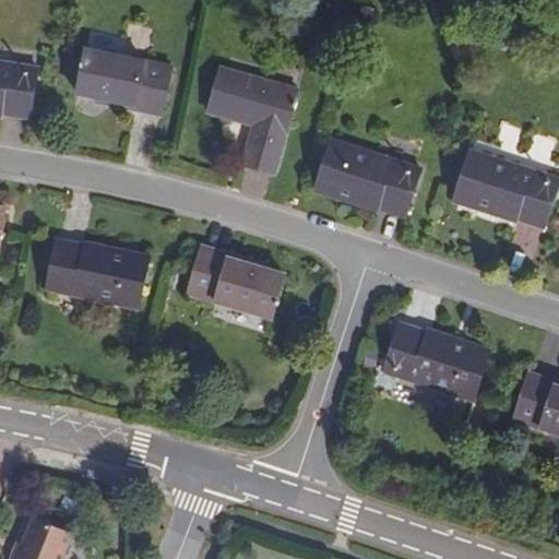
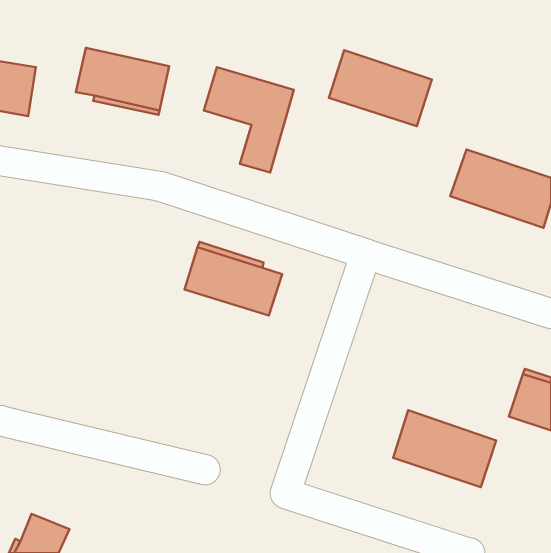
building: [316,140,419,216] -> [329,50,432,126]
building: [46,239,147,308] -> none
building: [383,323,487,401] -> [393,410,496,487]

